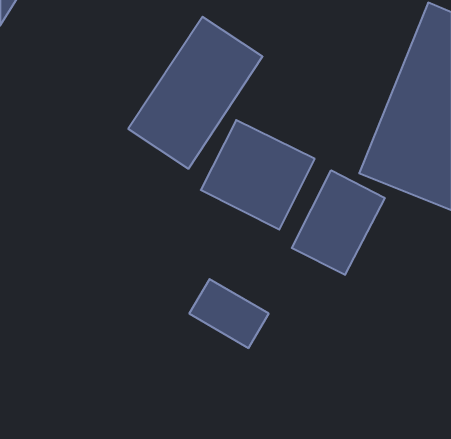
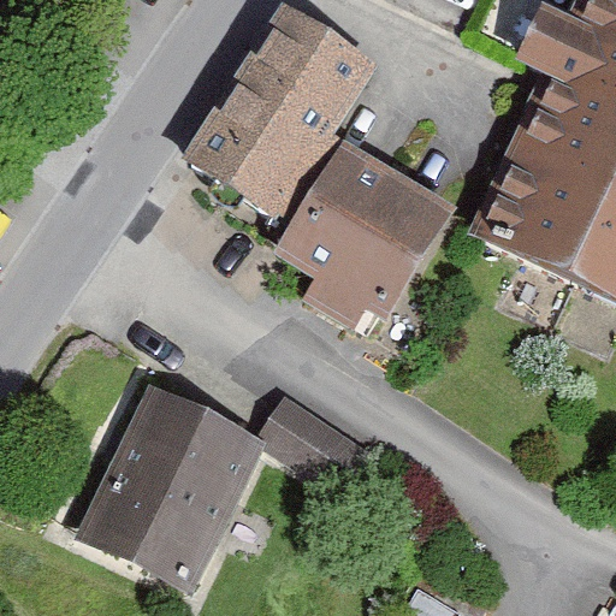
building: [292,170,385,275] -> none
building: none -> [88,383,256,570]

